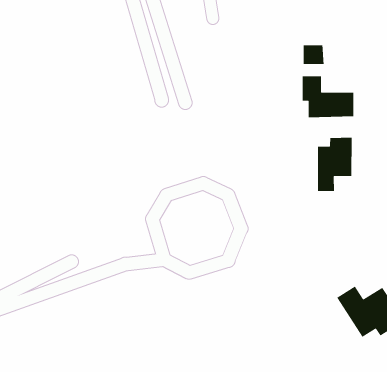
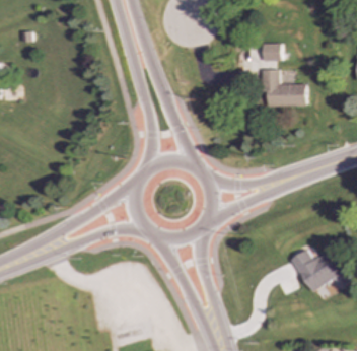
building: [317,137,352,192] -> none

